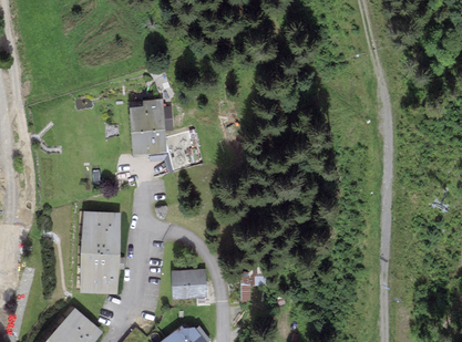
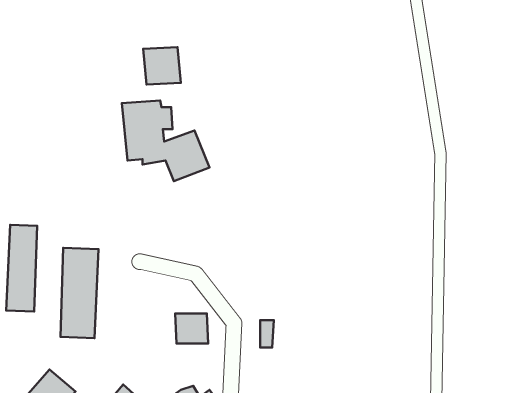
building: none -> [143,47,181,85]
building: none -> [6,225,37,311]

